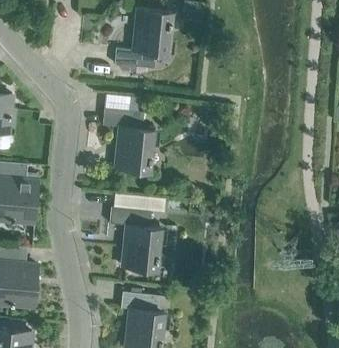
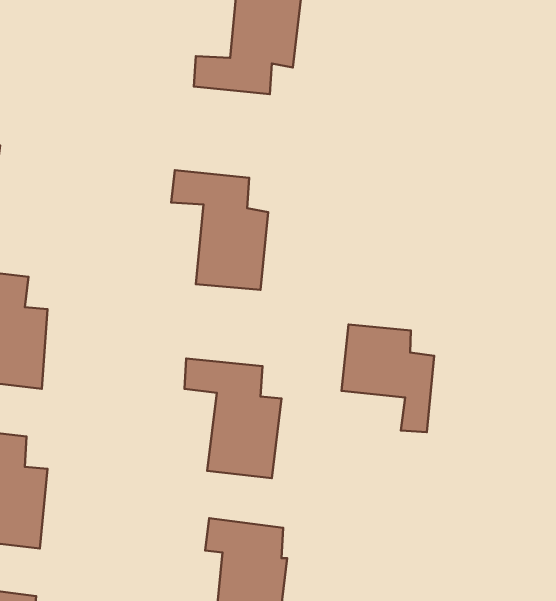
building: none -> [341,324,434,432]

